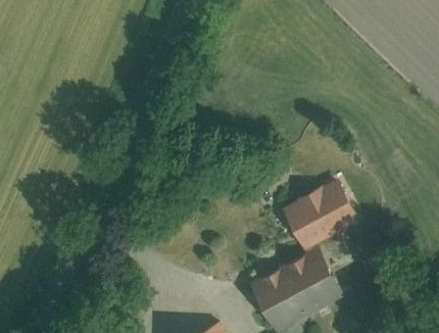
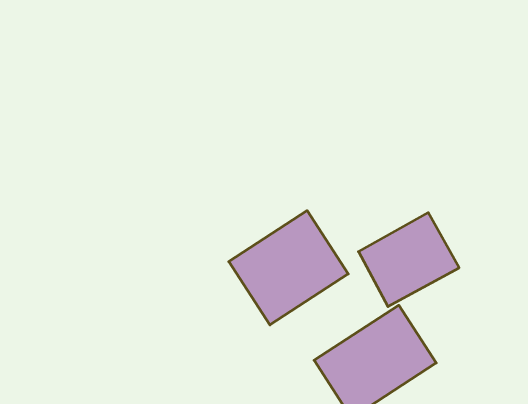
building: none -> [229,211,348,325]

